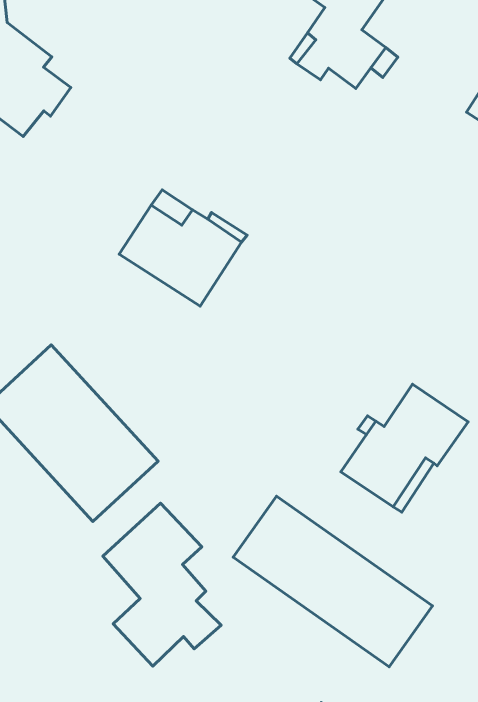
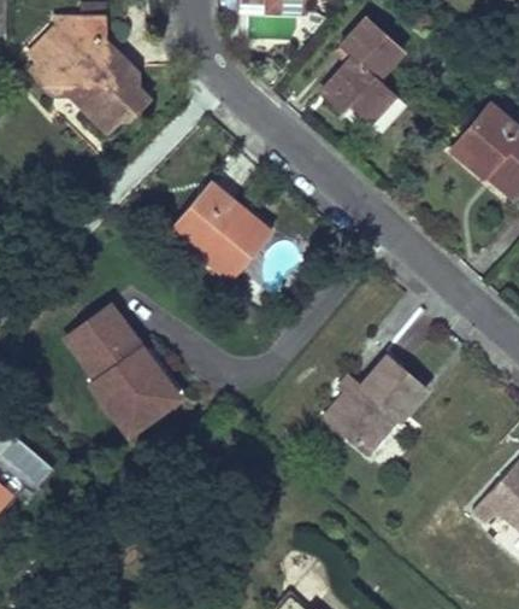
building: [233,496,432,667] -> none
building: [103,503,221,666] -> none

